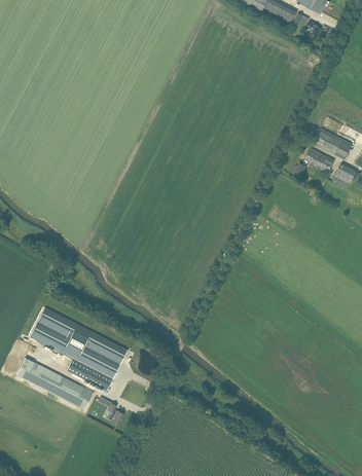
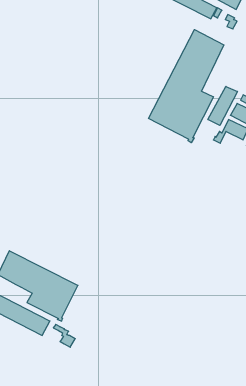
building: none -> [149,30,224,143]
building: none -> [208,86,237,125]

